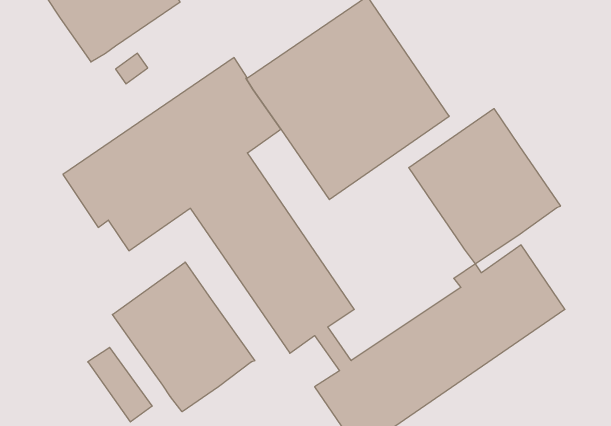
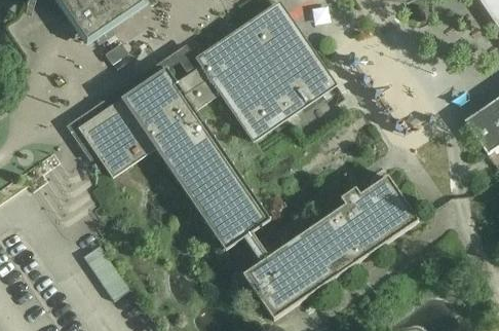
building: [409,109,560,264] -> none
building: [112,262,255,412] -> none

